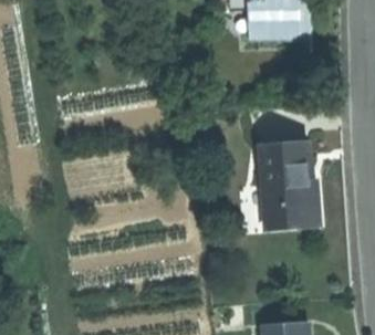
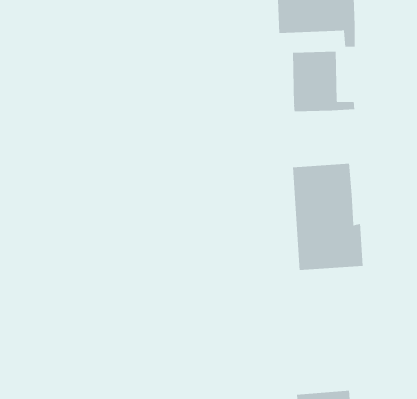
building: none -> [293,51,355,112]

